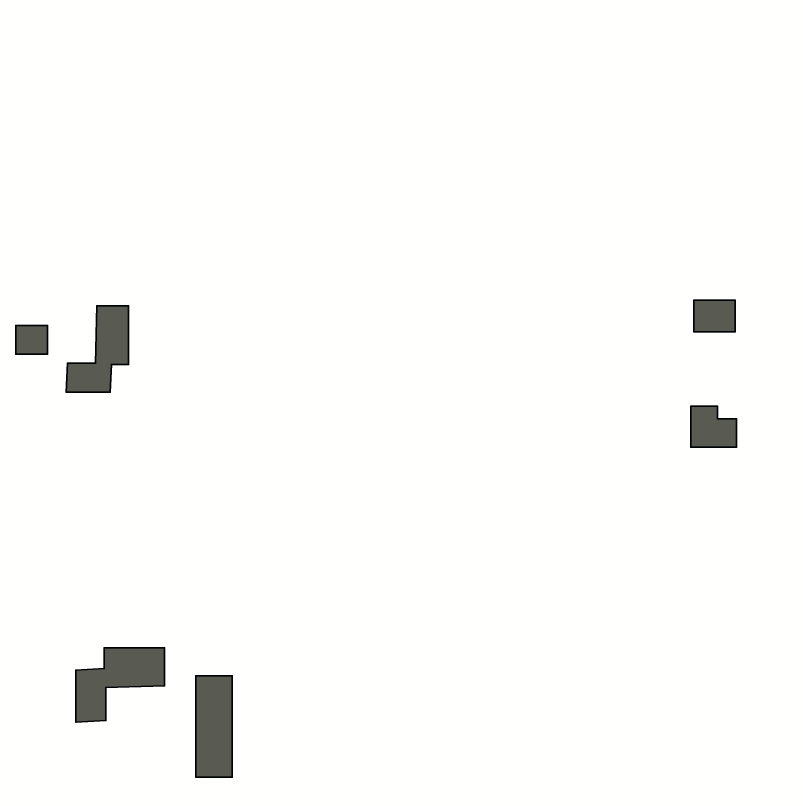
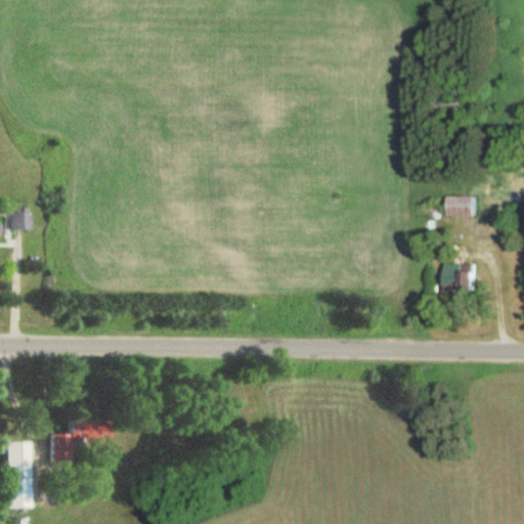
building: [66,306,129,392] -> none
building: [196,676,232,777] -> [7,442,31,508]

